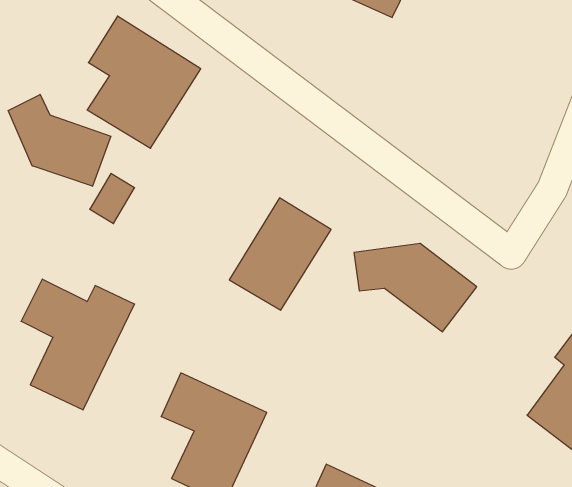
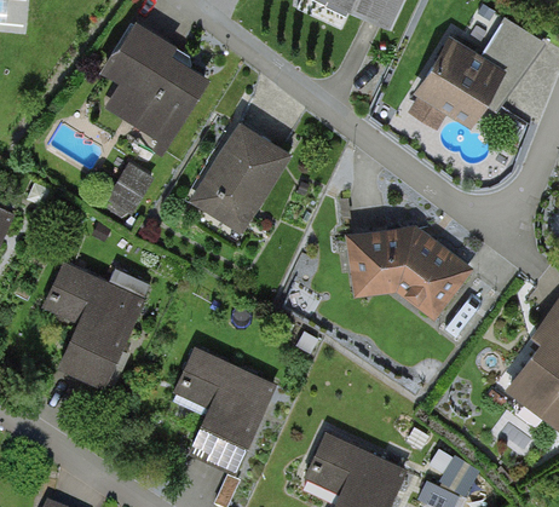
building: none -> [420,35,528,123]
building: [8,94,111,186] -> none
building: [229,198,331,310] -> [196,126,289,229]

